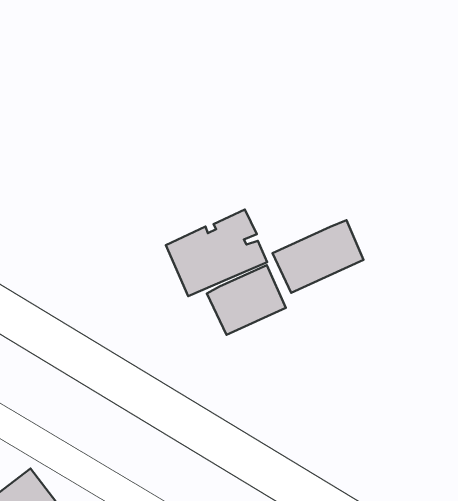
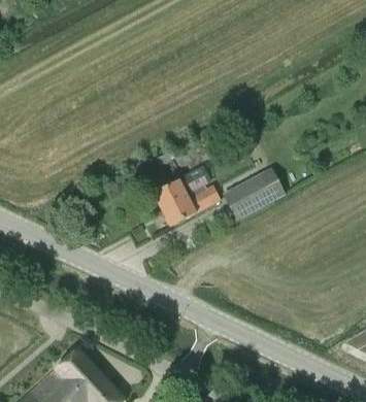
building: [207,265,286,335] -> none

